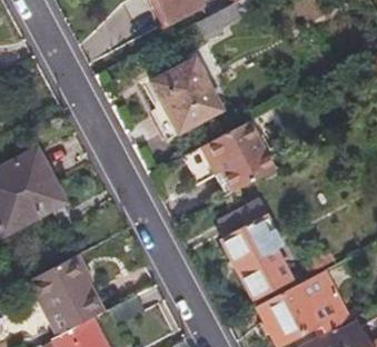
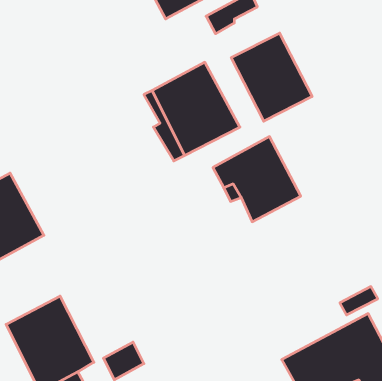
building: none -> [231,33,312,121]
building: [219,194,290,298] -> none

